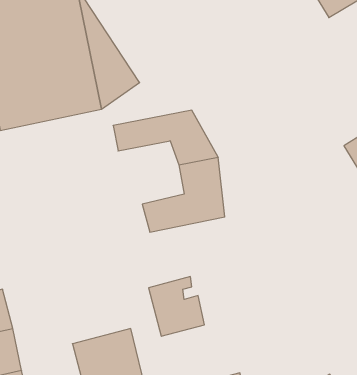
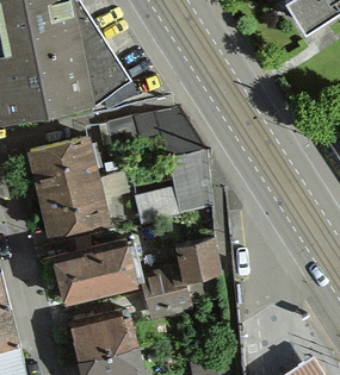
building: none -> [24,135,111,238]
building: none -> [173,238,223,287]
building: none -> [51,240,137,305]

